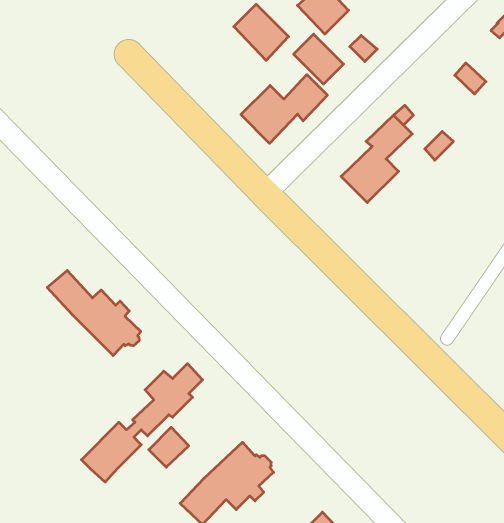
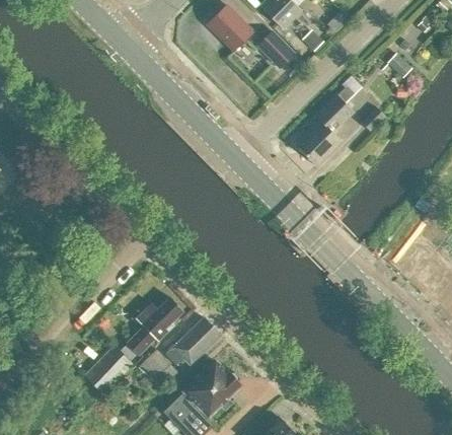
building: [241,75,327,143] -> none
building: [47,270,141,356] -> none
building: none -> [165,317,220,366]

